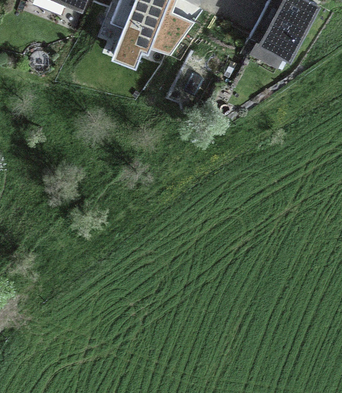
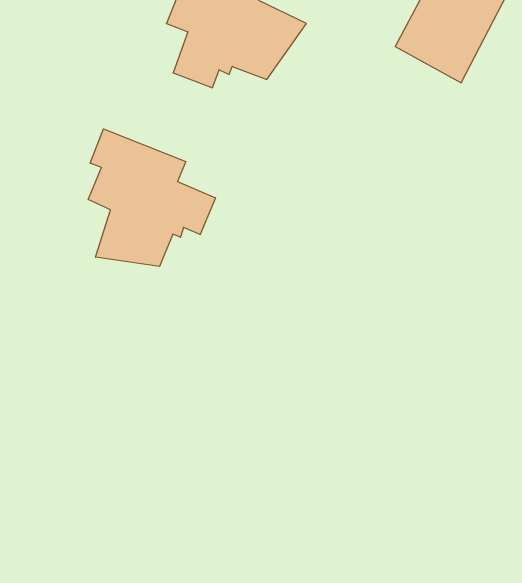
building: none -> [88,129,215,266]

